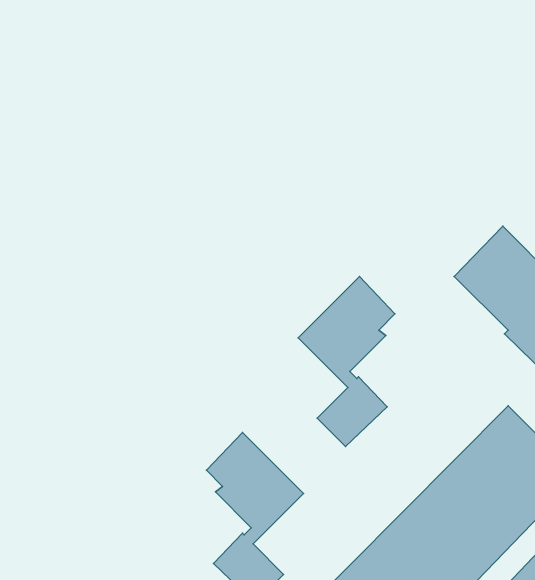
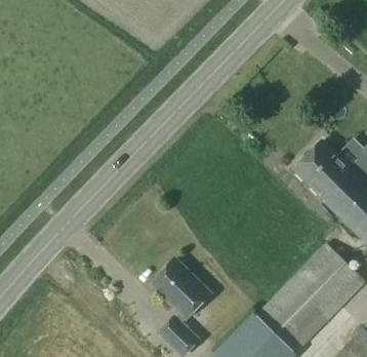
building: [298,276,395,447] -> none

